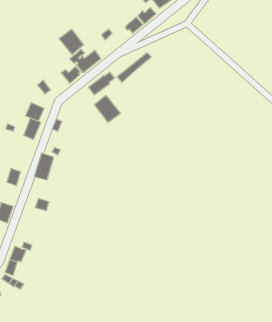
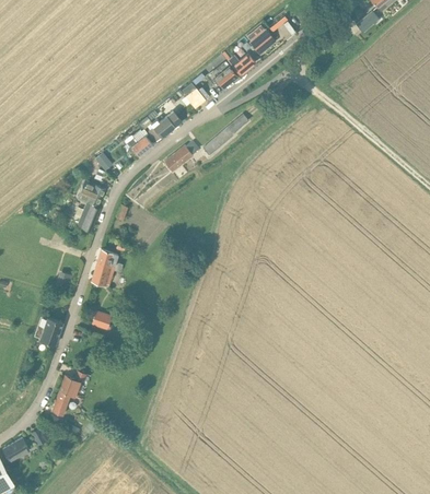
building: [59,29,84,55] -> none
building: [95,95,120,122] -> none

